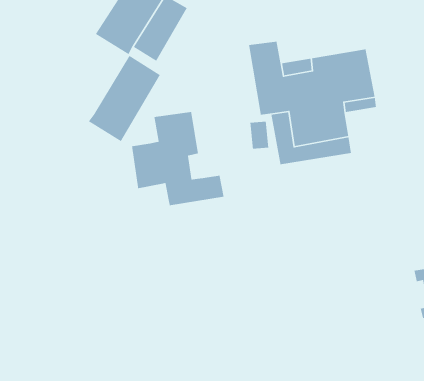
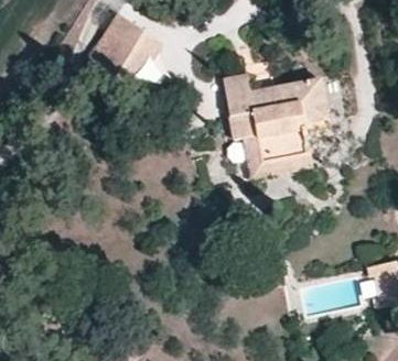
building: [88,55,161,142] -> none
building: [131,111,224,206] -> none

